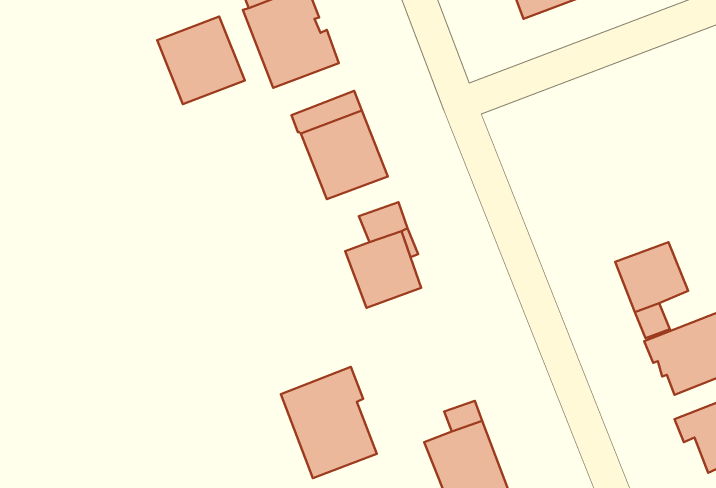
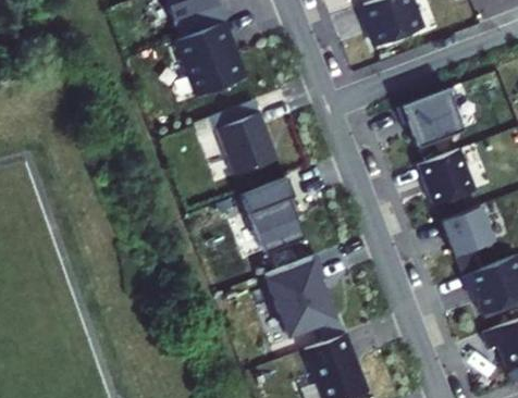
building: [157,17,245,104] -> none
building: none -> [397,89,464,147]
building: none -> [418,149,476,206]
building: [281,367,377,478] -> [266,254,334,334]

